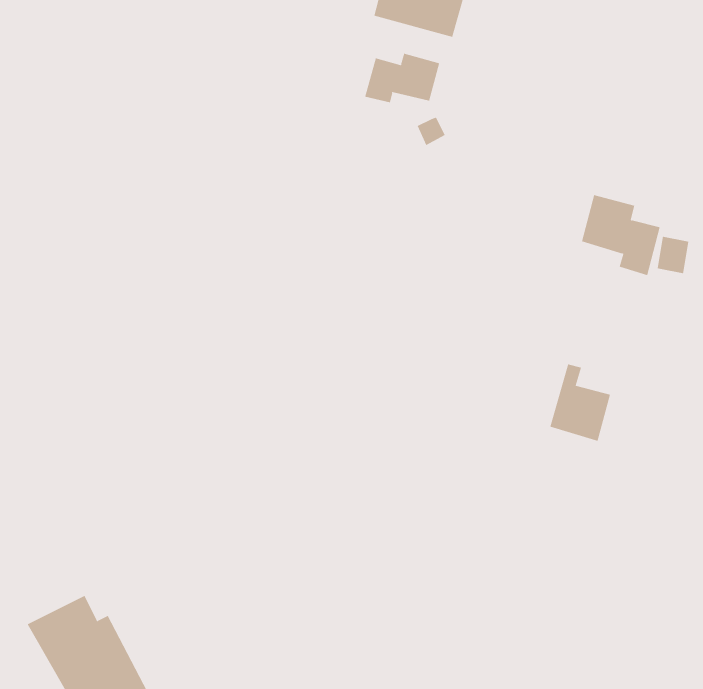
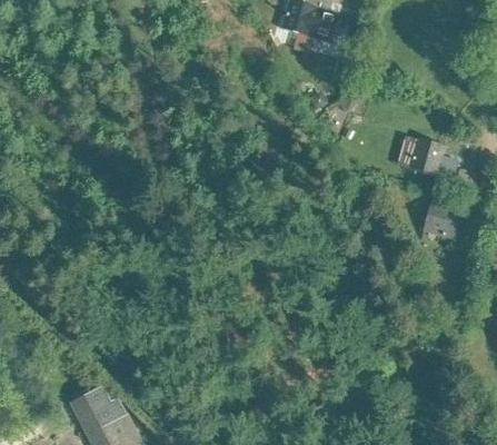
building: [364,53,440,103] -> none
building: [549,364,611,441] -> [421,190,459,238]

